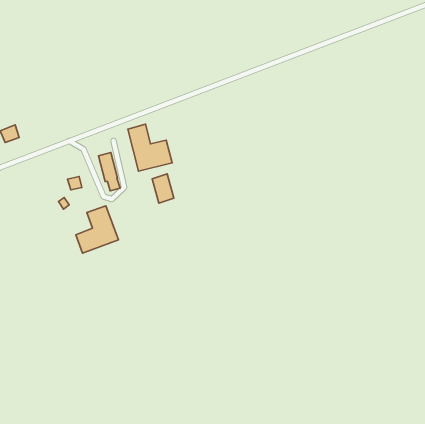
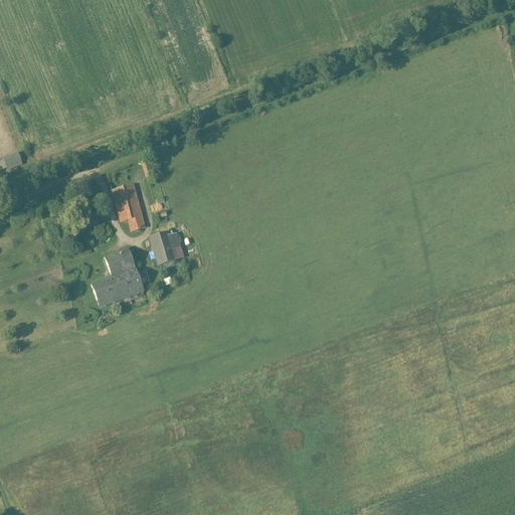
building: [128,124,172,171] -> none
building: [152,174,174,203] -> [151,230,177,266]

